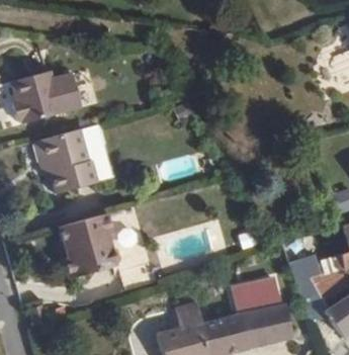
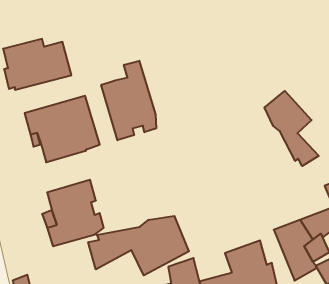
building: none -> [101,61,156,140]
building: none -> [264,91,319,166]
building: none -> [88,216,189,275]

